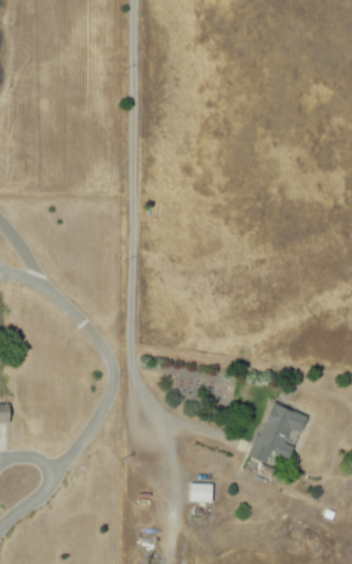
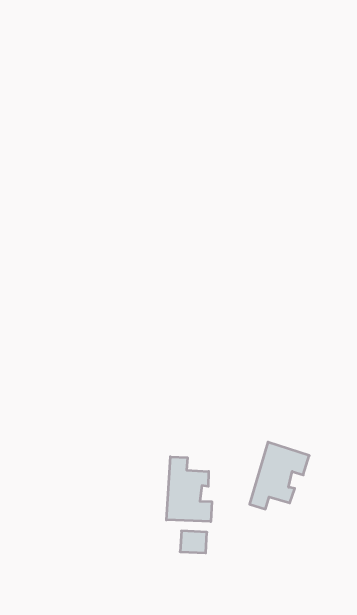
building: none -> [166,457,212,522]

